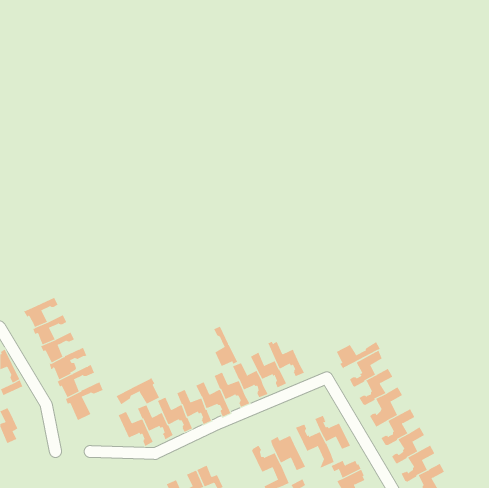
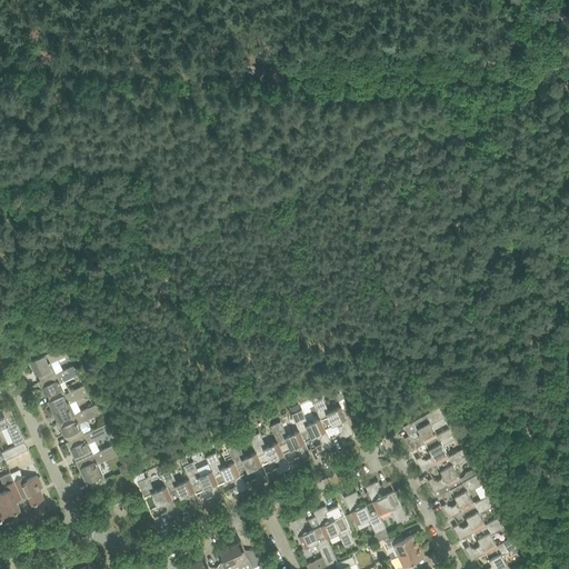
building: [214,326,238,367] -> none
building: [336,341,380,369] -> none
building: [116,377,160,405] -> none
building: none -> [13,477,43,506]

